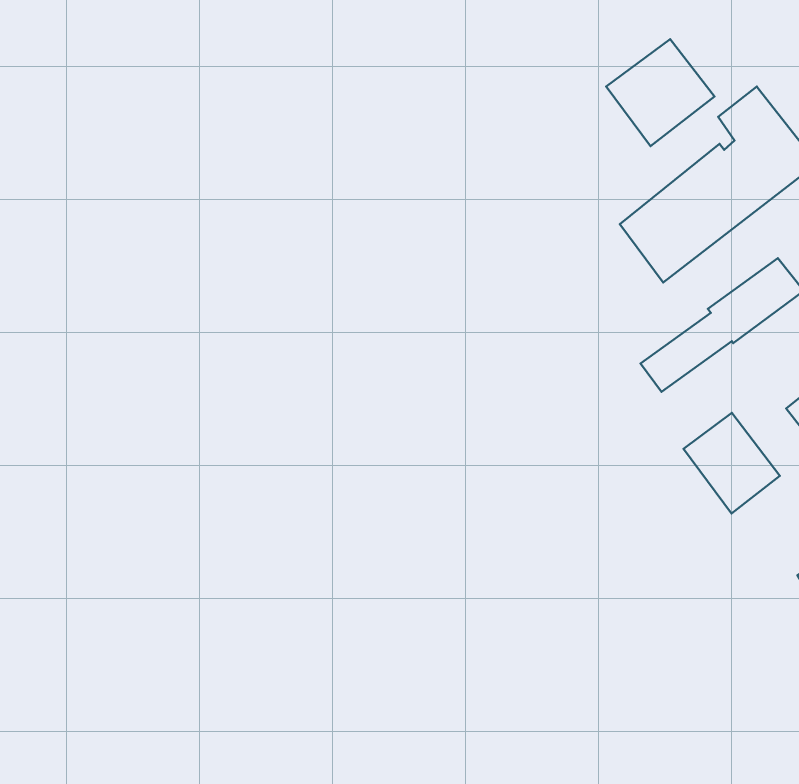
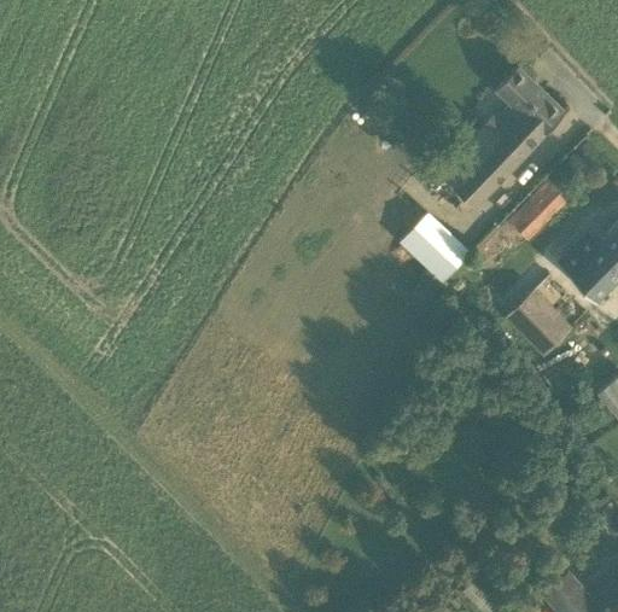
building: [606,39,714,146] -> none
building: none -> [401,209,473,303]

